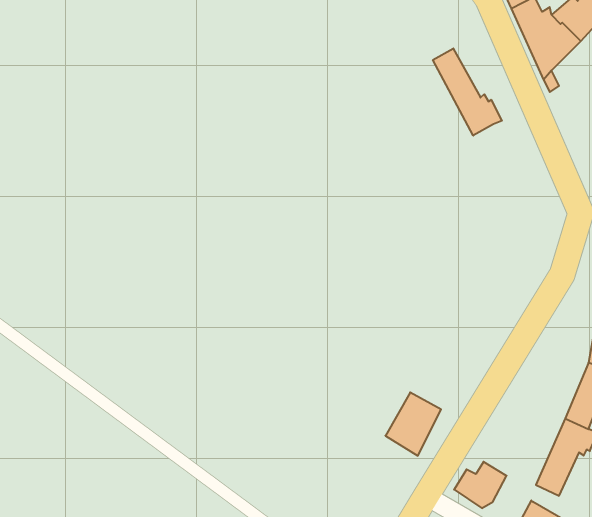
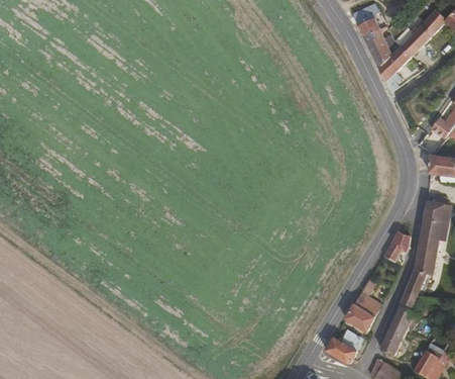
building: [433,48,502,136] -> none
building: none -> [383,232,405,264]
building: [385,392,441,456] -> [345,292,381,334]

